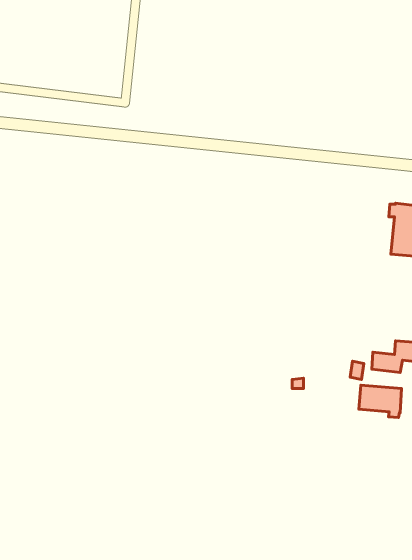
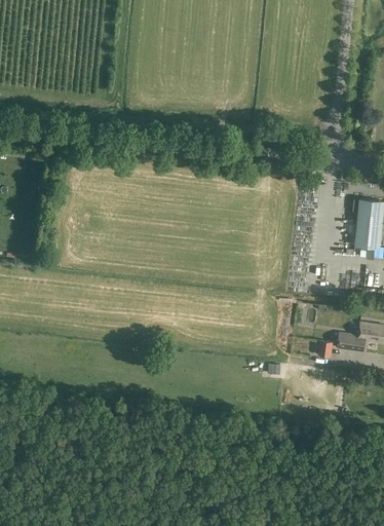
building: [359,385,402,418] -> none

